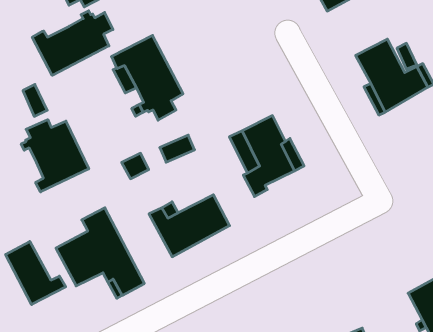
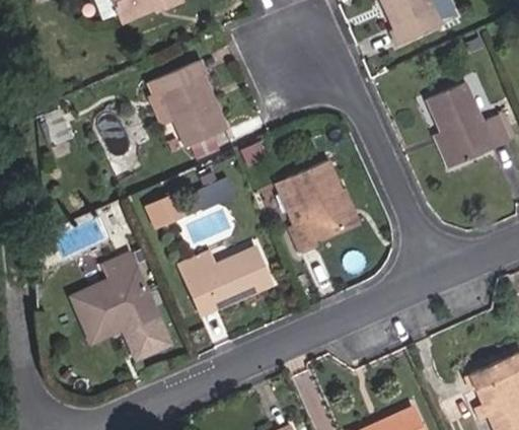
building: [32,11,113,75] -> none
building: [21,120,89,192] -> none
building: [6,241,66,305] -> none

